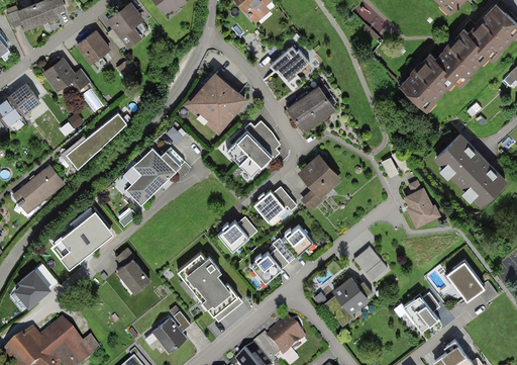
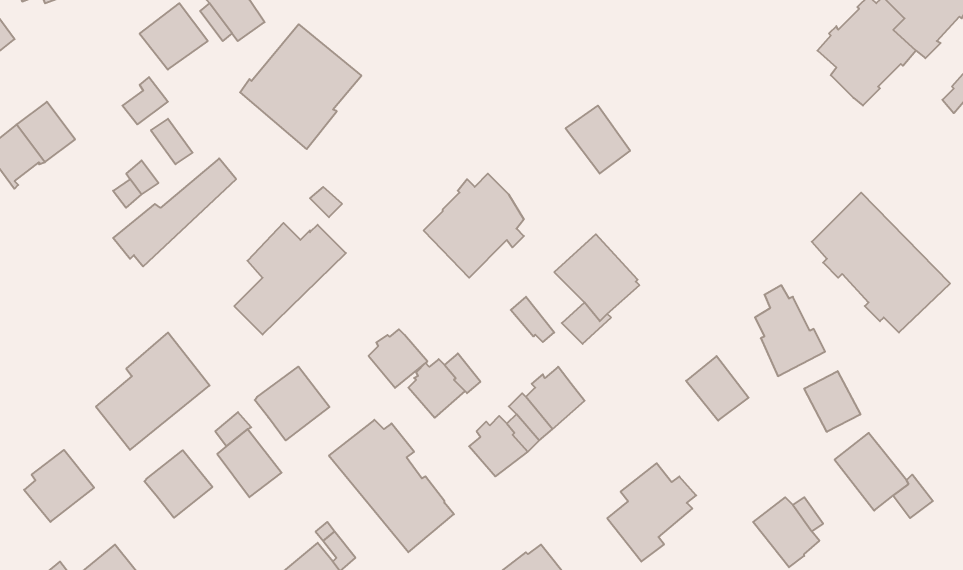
building: [269,45,309,83] -> none
building: [399,49,455,109] -> none
building: [41,57,77,92] -> none
building: [183,70,247,136] -> [240,24,361,149]
building: [286,96,320,132] -> none
building: [11,165,66,215] -> none
building: [253,190,285,221] -> [369,329,427,388]
building: none -> [255,367,329,440]
building: none -> [804,371,860,432]
building: [353,247,387,281] -> [686,356,749,421]
building: none -> [144,450,212,518]

